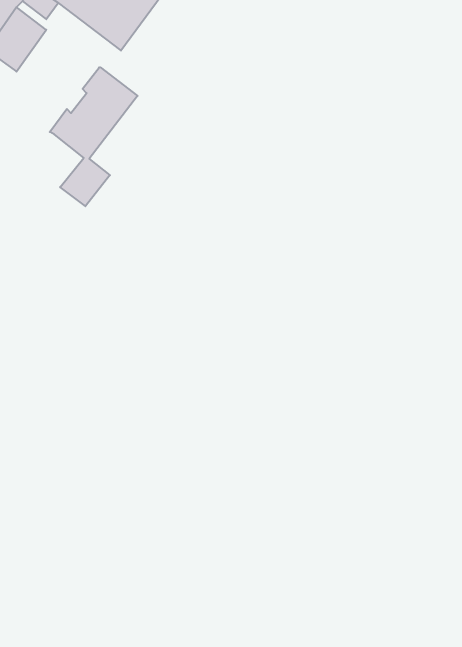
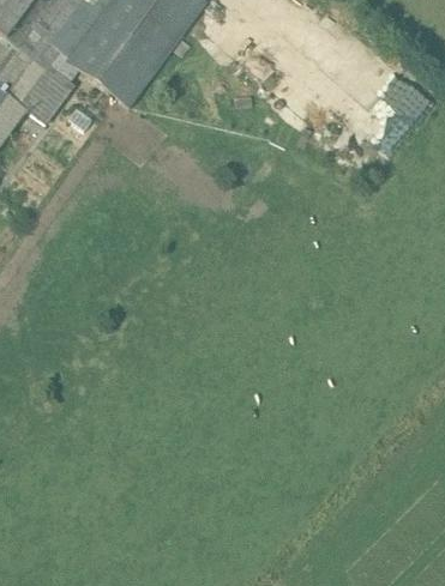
building: [50,67,138,206] -> none

